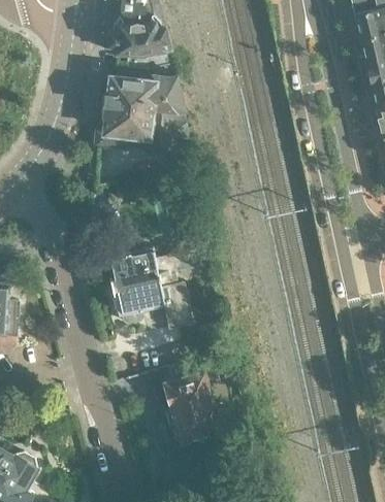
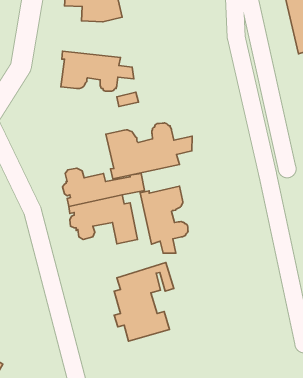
building: [104,76,184,113] -> none
building: none -> [106,123,192,179]
building: none -> [140,186,188,253]

